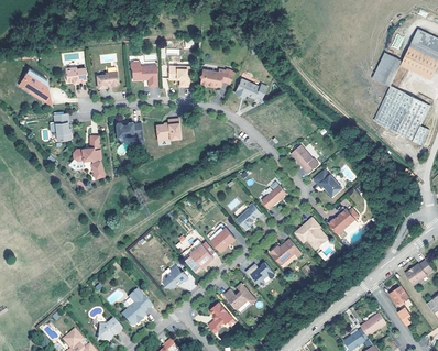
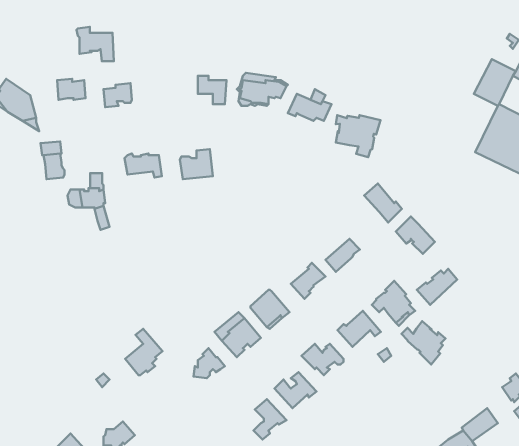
building: [129,61,156,86] -> [76,27,114,61]
building: none -> [336,115,381,157]
building: none -> [401,321,446,365]
building: [121,292,149,326] -> [125,329,163,375]

